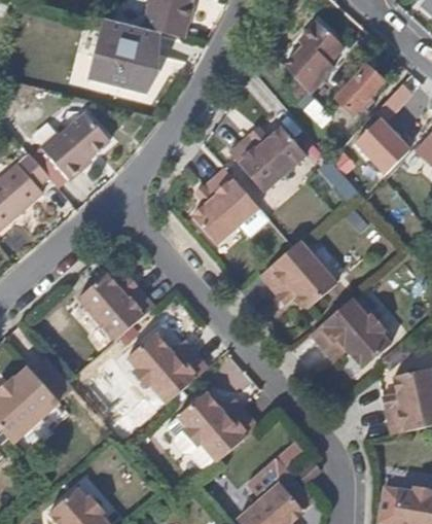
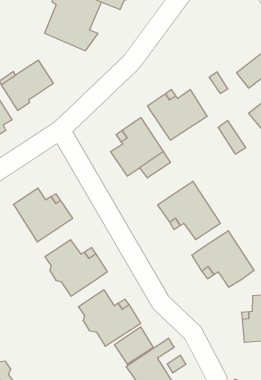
building: [283,21,344,93] -> none
building: none -> [115,327,153,364]

